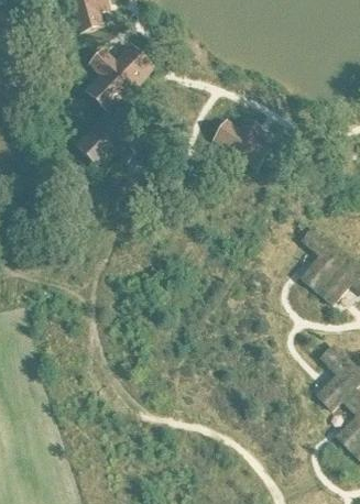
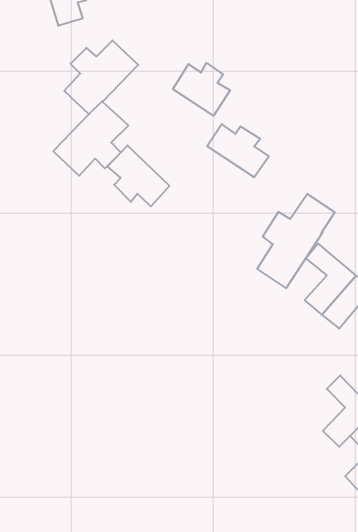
building: none -> [173,63,230,116]
building: none -> [108,145,169,206]
building: none -> [257,194,335,288]

